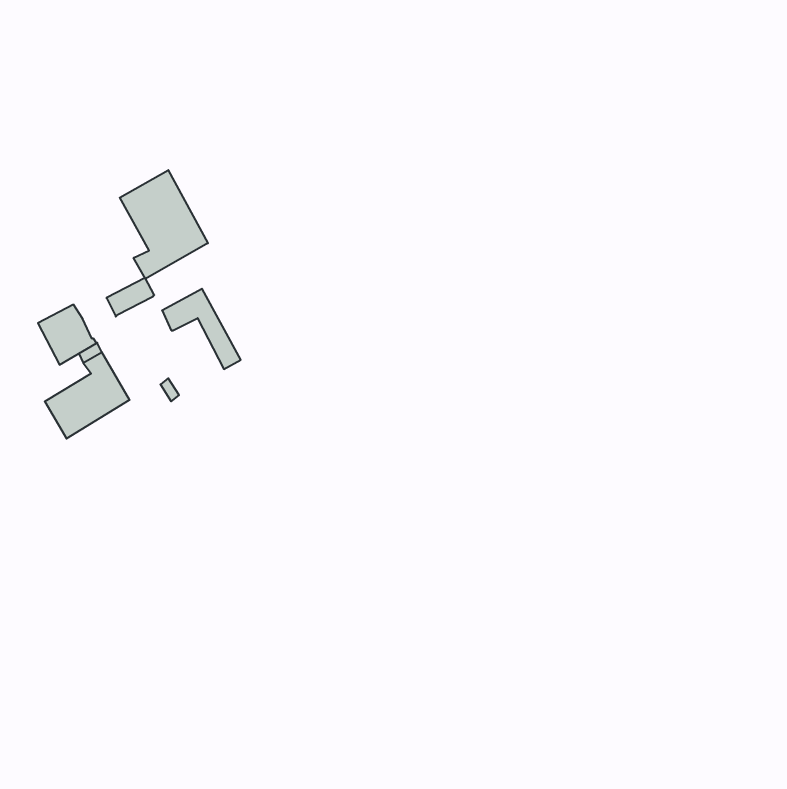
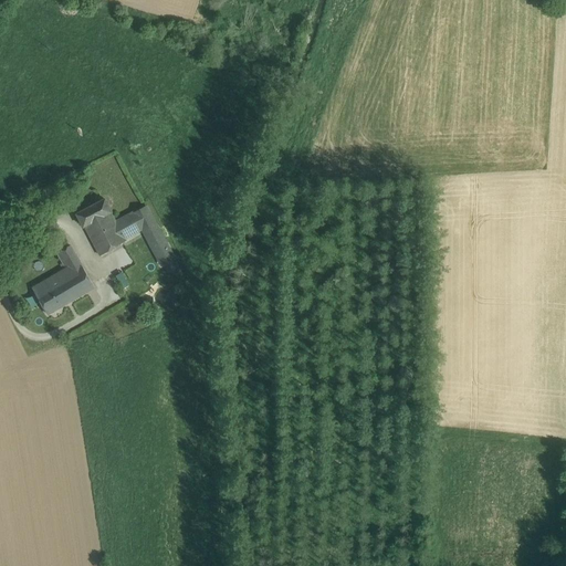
building: [120,170,208,279] -> none
building: [38,305,97,365] -> [84,212,126,255]

